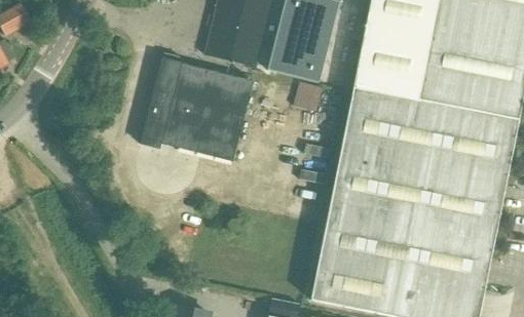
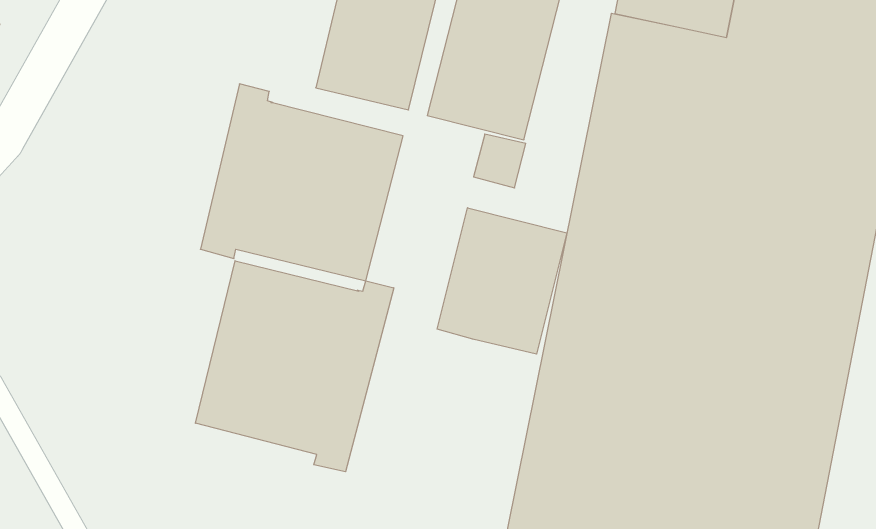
building: none -> [437,208,567,354]
building: none -> [195,261,394,472]

